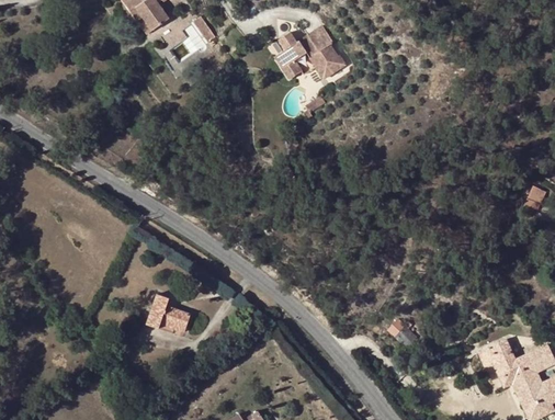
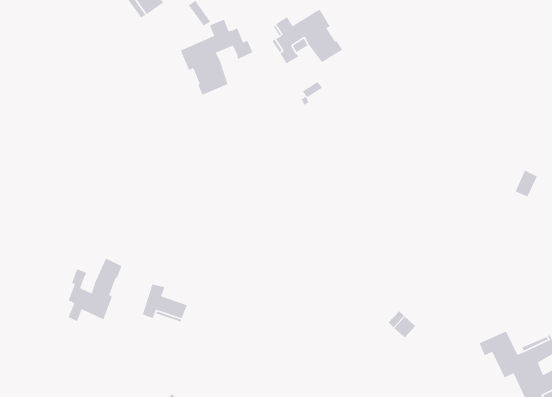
building: none -> [180,19,254,96]
building: none -> [68,258,123,322]

